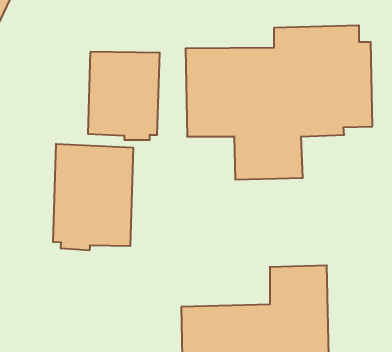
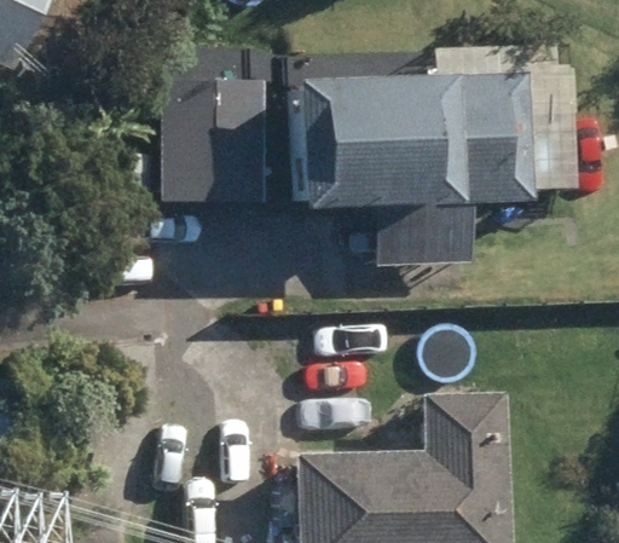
building: [53,144,133,250] -> none

